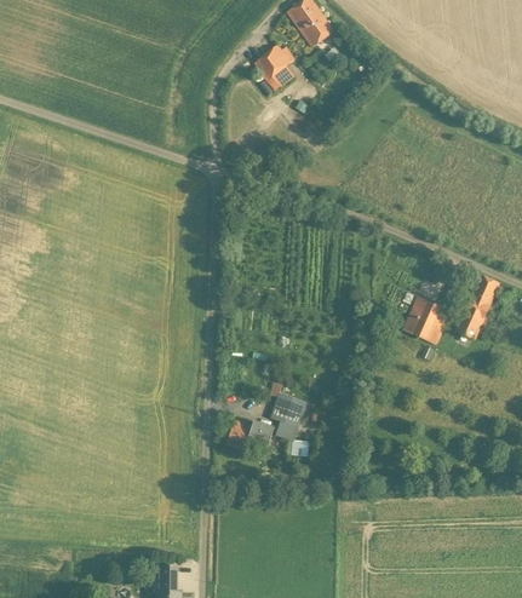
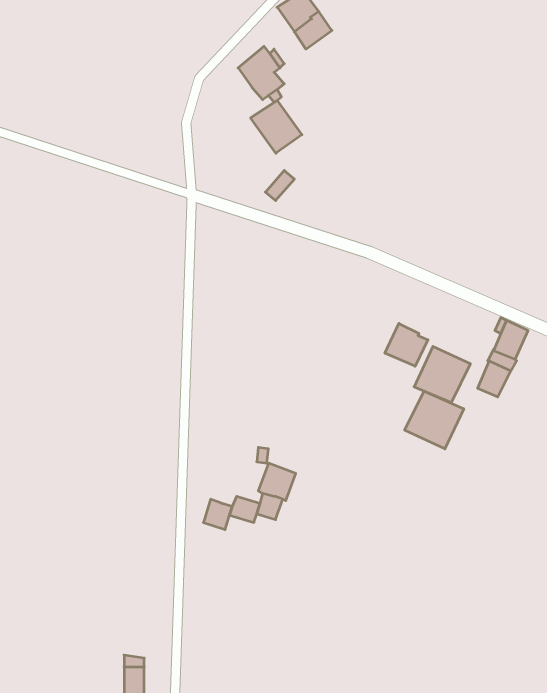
building: none -> [251,101,302,153]
building: none -> [385,323,428,366]
building: none -> [405,391,464,449]

